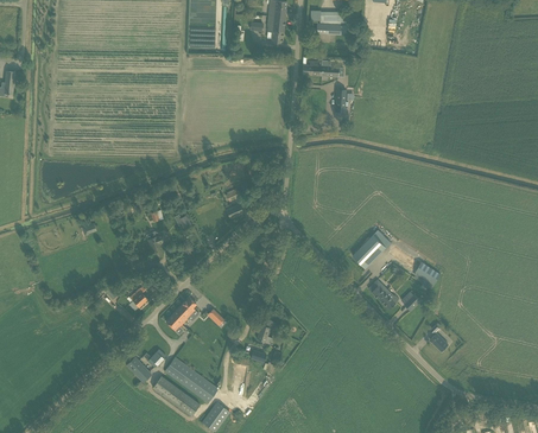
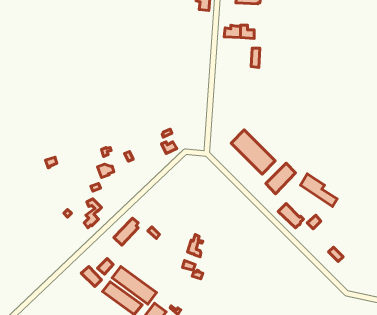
building: none -> [231,130,275,174]

